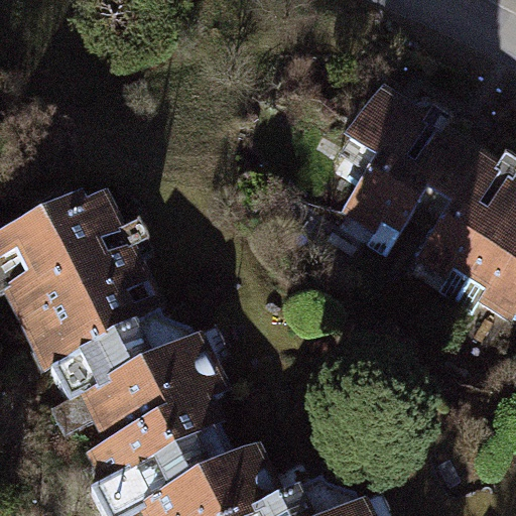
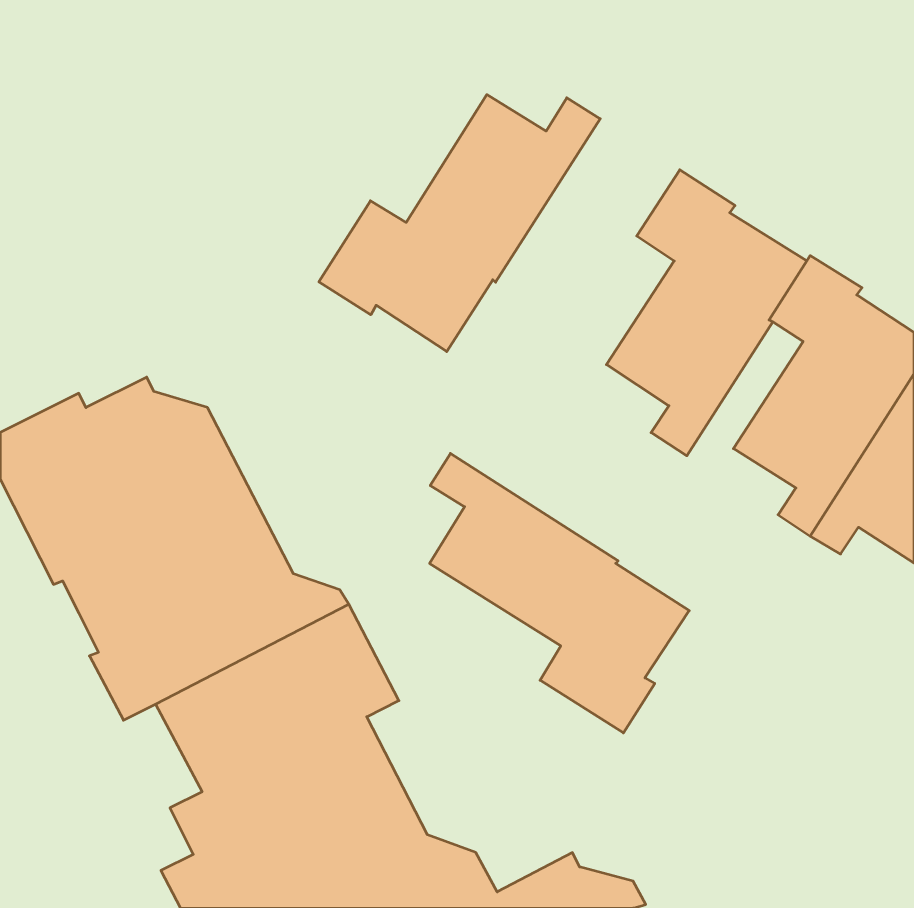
building: none -> [319,95,600,352]
building: none -> [430,453,689,733]

